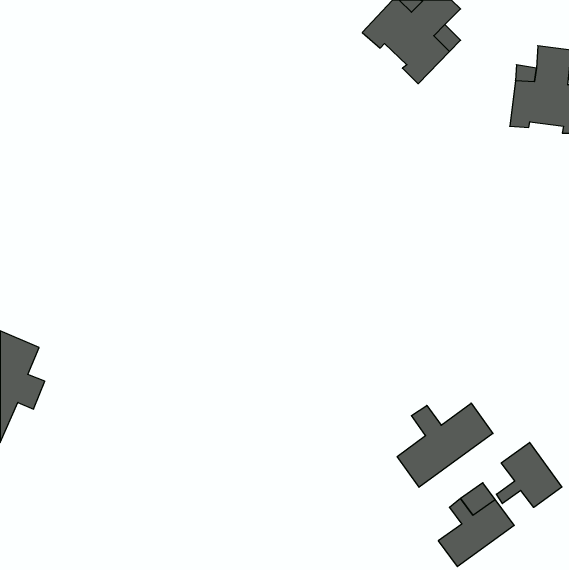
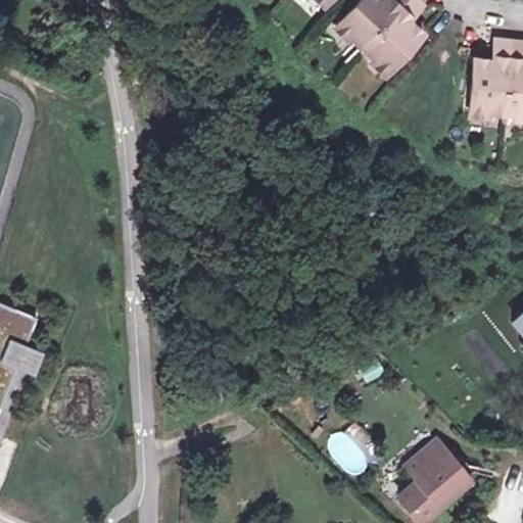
building: [397,403,493,487] -> none
building: [496,442,562,507] -> none

